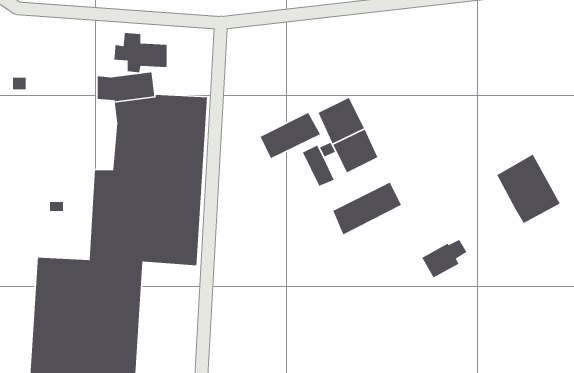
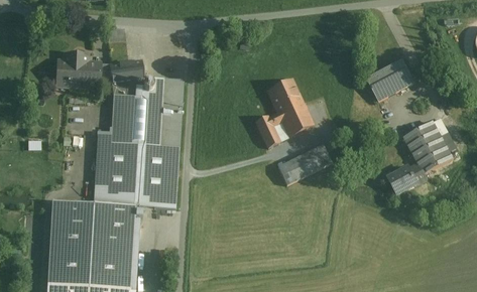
building: [113,32,168,73] -> [57,54,99,86]
building: none -> [367,59,414,101]
building: [259,112,321,159] -> none
building: [421,239,467,279] -> [388,164,424,194]

